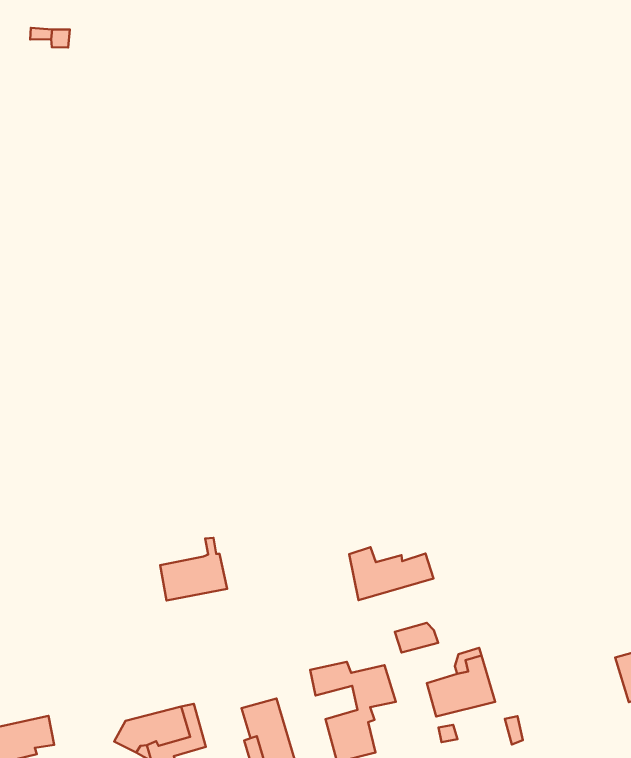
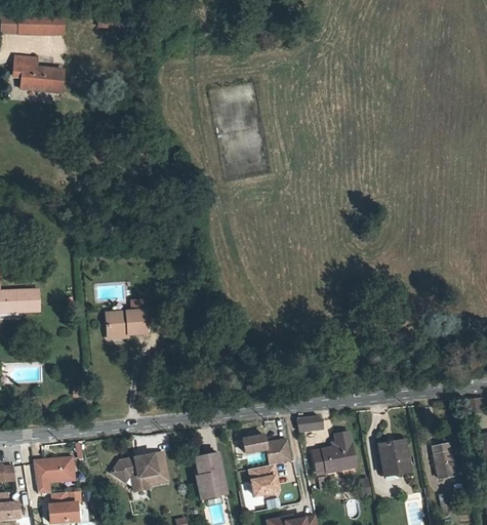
building: [160,538,227,600] -> [109,304,150,340]
building: [349,547,434,600] -> none
building: none -> [376,440,410,475]

